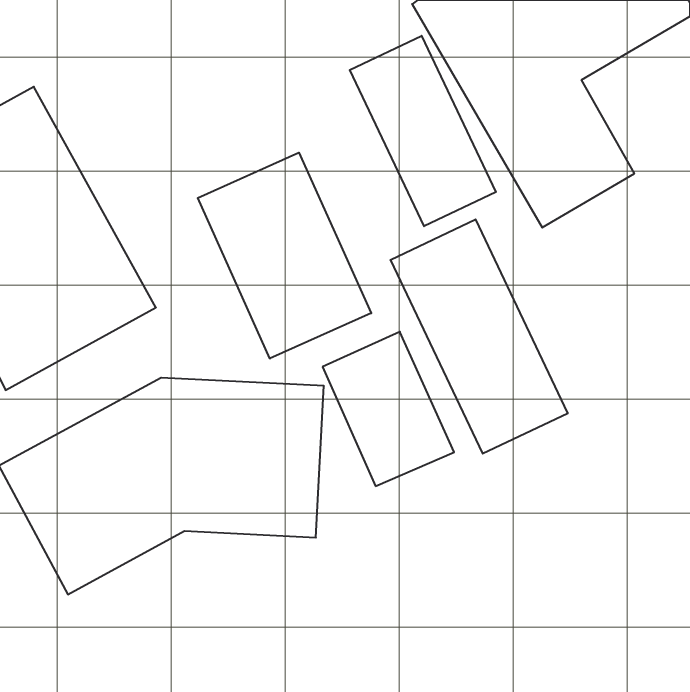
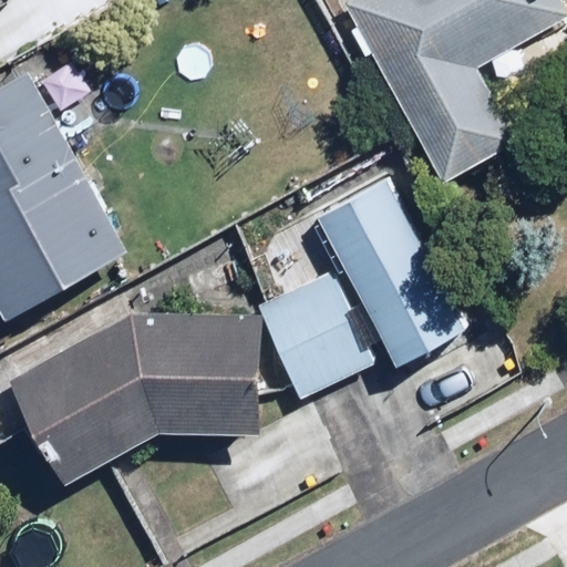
building: [350,36,496,226] -> none
building: [198,153,371,359] -> none

